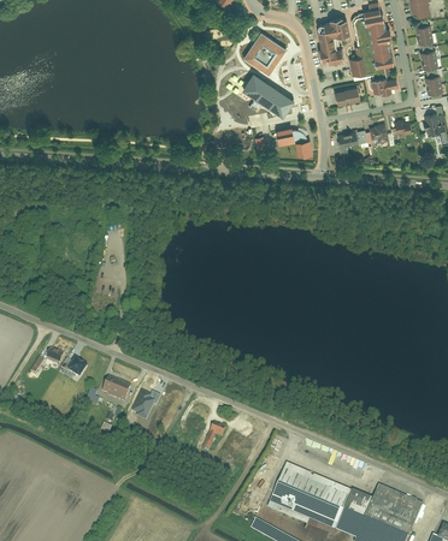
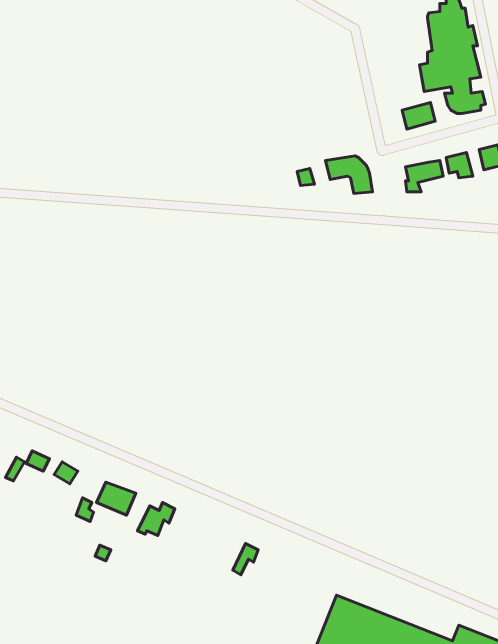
building: [317,18,349,65] -> none
building: [242,29,287,73] -> none
building: [243,72,294,117] -> none

